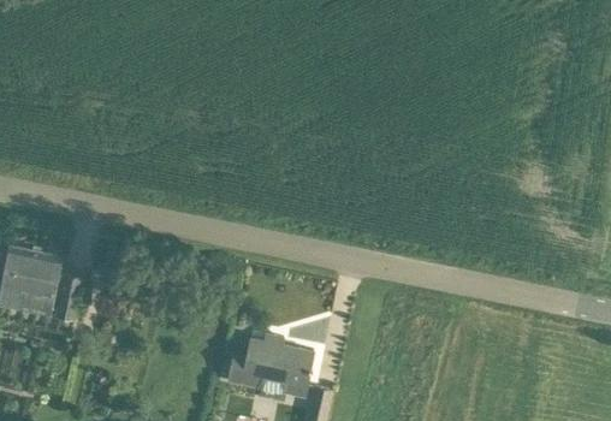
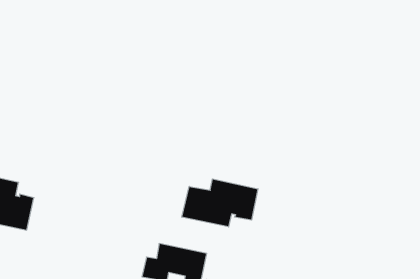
building: none -> [182,179,258,227]

